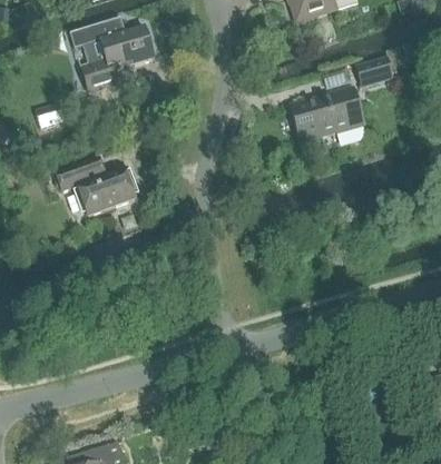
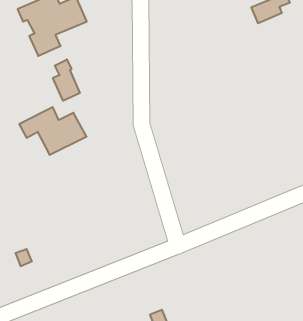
building: [290,87,364,140] -> none
building: none -> [53,59,80,101]

